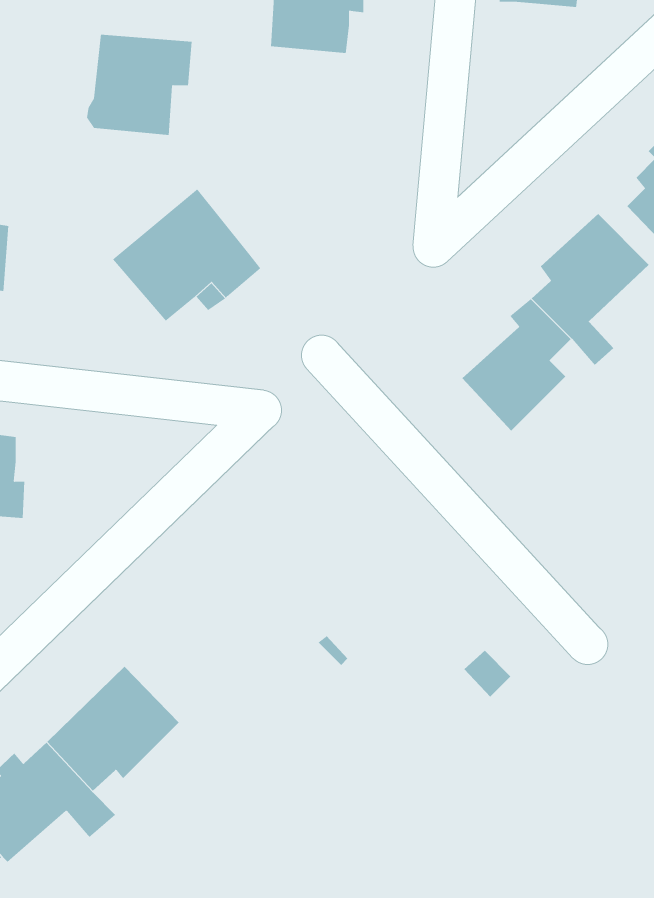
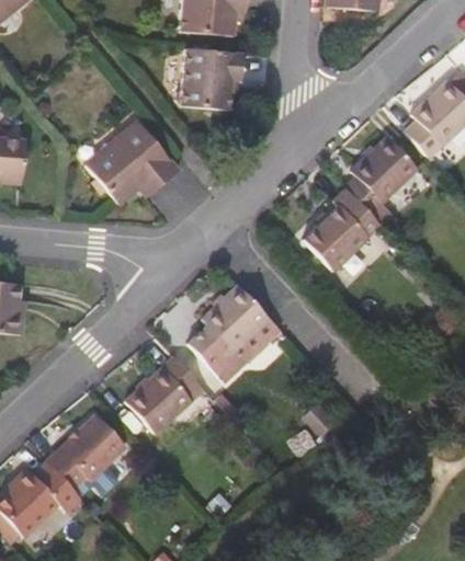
building: [86,34,192,135] -> [177,47,242,110]
building: none -> [186,283,280,379]
building: none -> [125,354,204,432]

